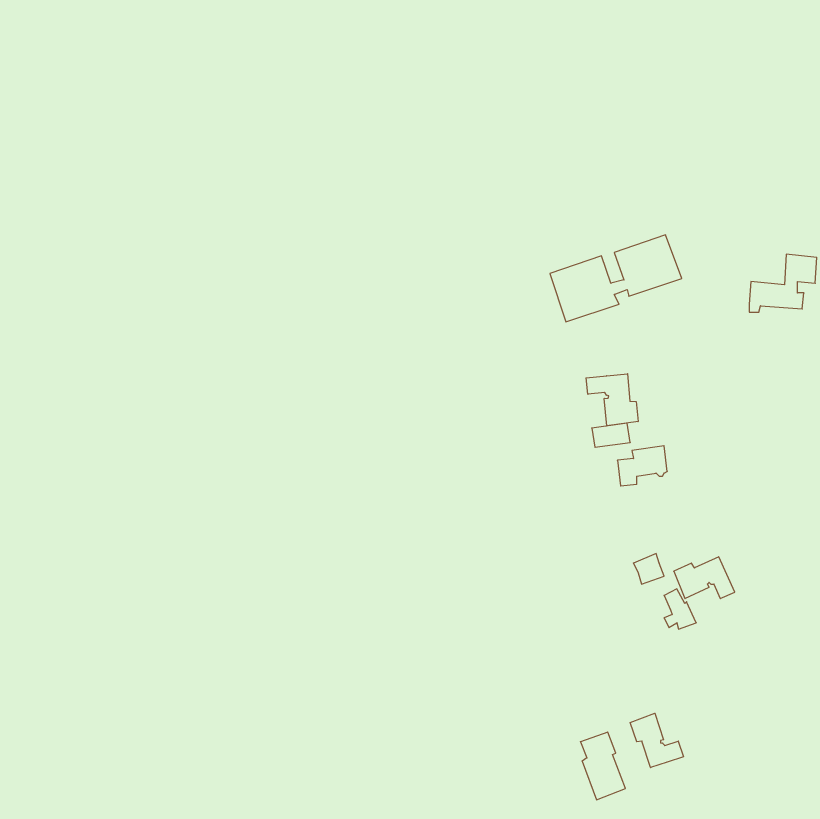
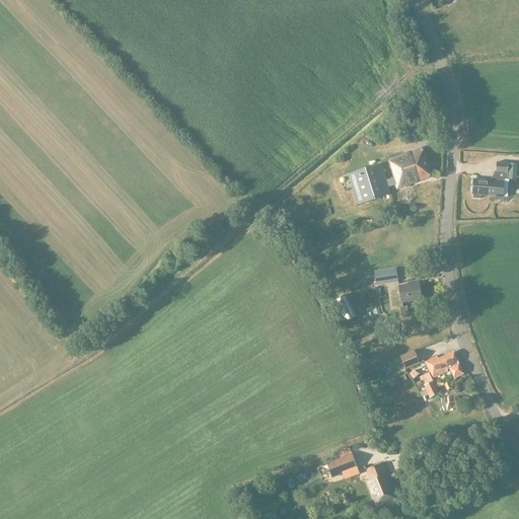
building: [586,374,638,426] -> none
building: [630,713,684,768] -> none
building: none -> [327,452,357,475]

